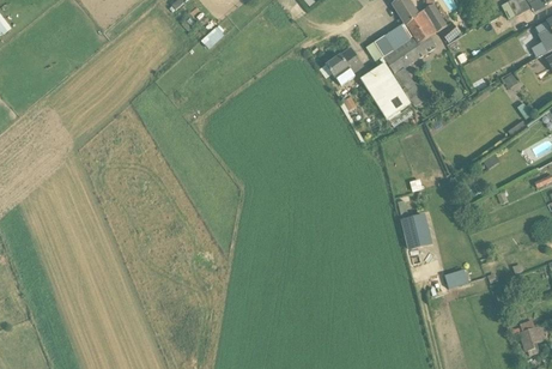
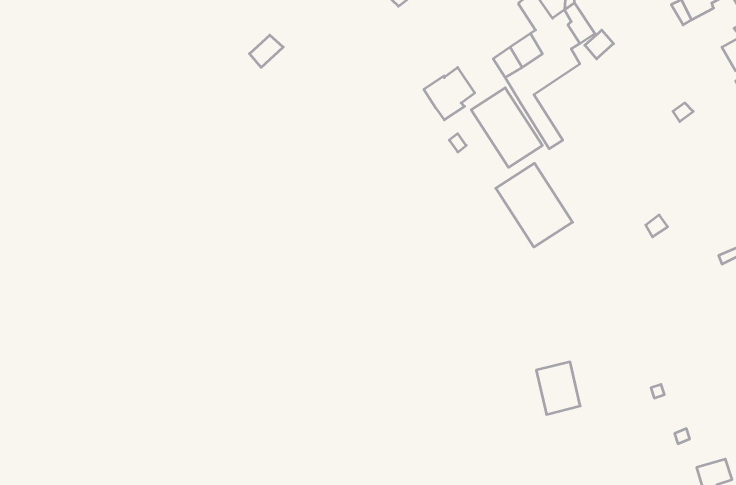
building: none -> [496,163,573,247]
building: [400,212,431,249] -> [536,362,580,414]

